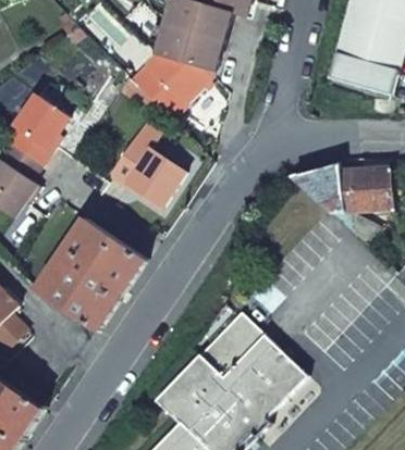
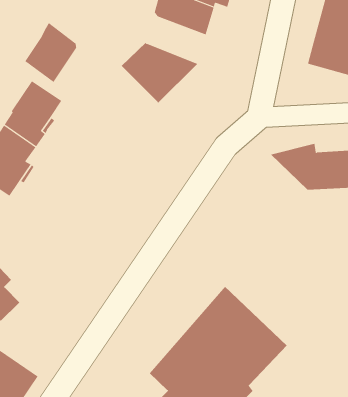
building: [155,23,220,77] -> none
building: none -> [25,22,77,83]
building: [110,136,185,208] -> none
building: [34,218,145,332] -> none

